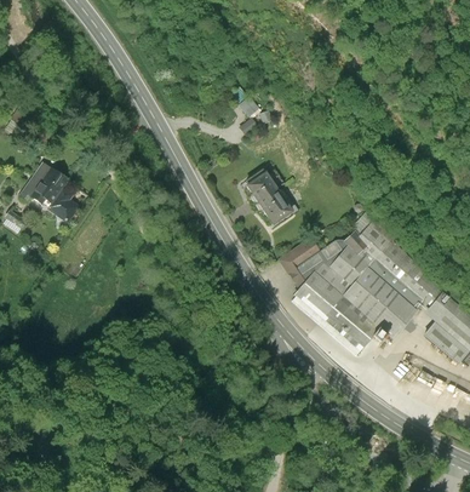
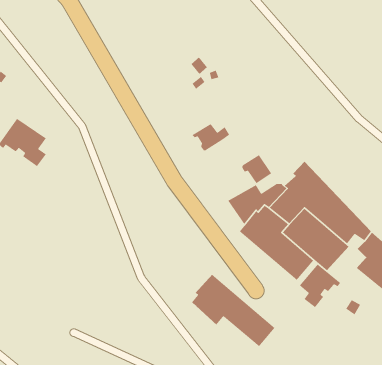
building: [256,190,291,224] -> [241,154,272,184]
building: none -> [299,264,341,308]
building: none -> [191,274,276,347]

